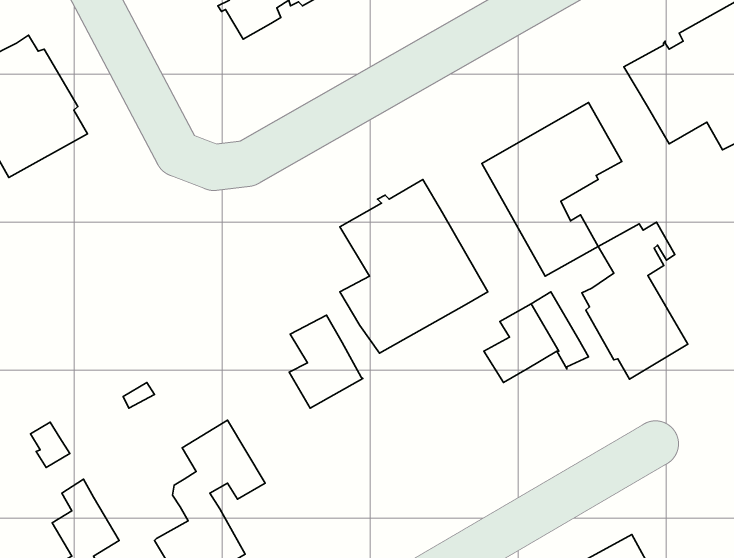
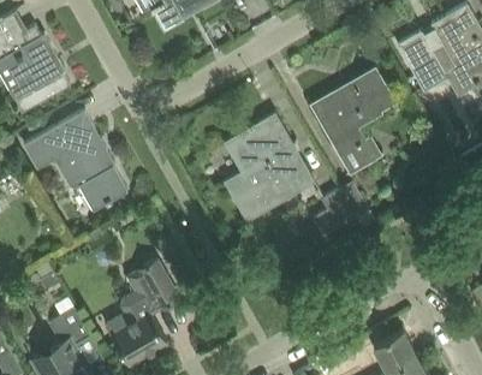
building: none -> [23,111,127,212]
building: [582,222,688,379] -> none
building: [289,315,363,408] -> none

